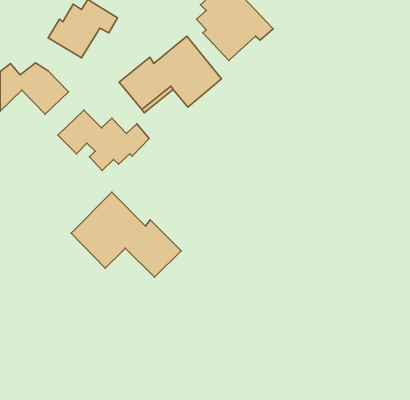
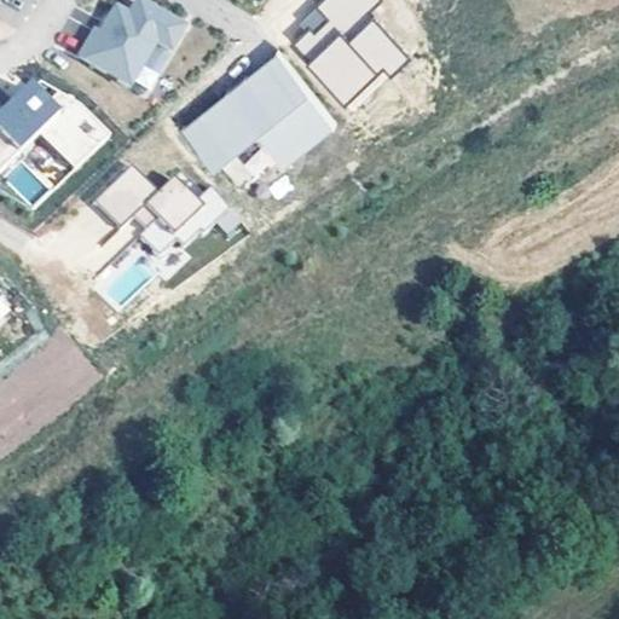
building: [71,192,181,277] -> none

